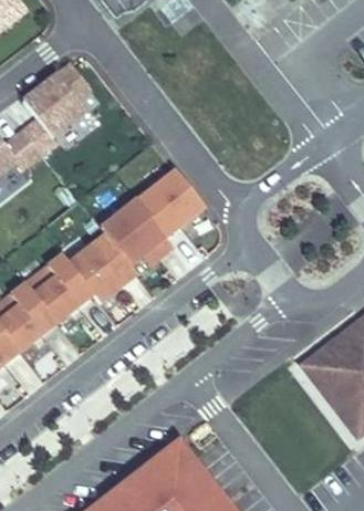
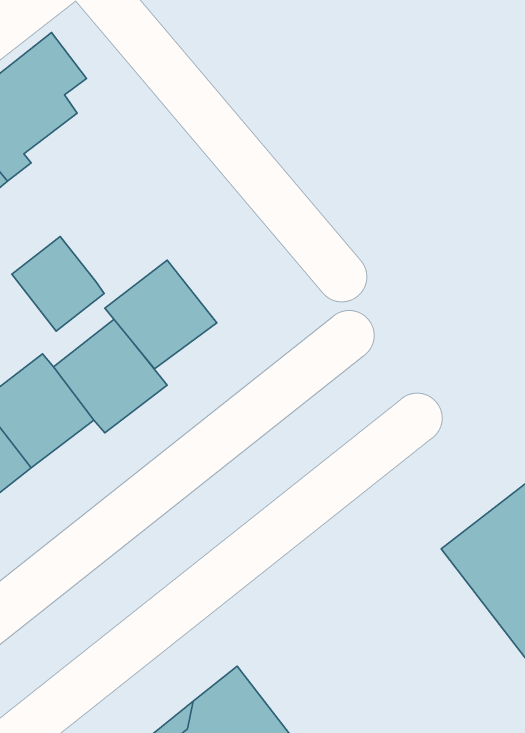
building: [139,173,204,236] -> none
building: none -> [12,236,104,331]

